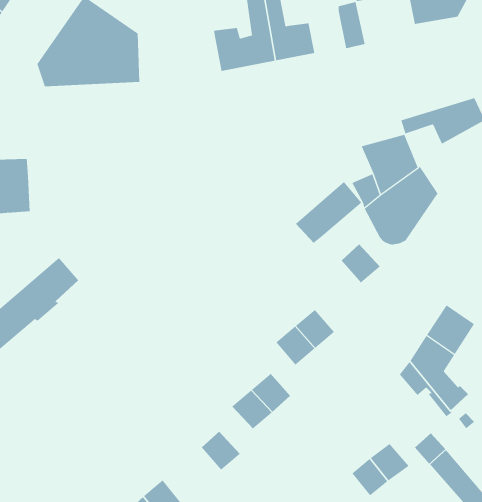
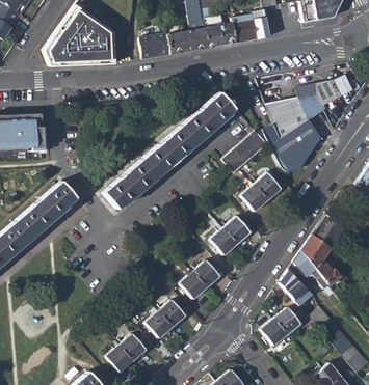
building: none -> [231,13,257,43]
building: none -> [140,32,172,59]
building: none -> [297,91,324,120]
building: none -> [104,92,237,209]
building: none -> [240,184,267,212]
building: none -> [279,268,312,306]
building: none -> [144,311,172,339]

